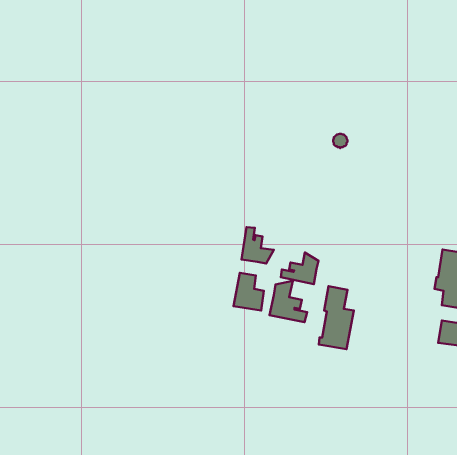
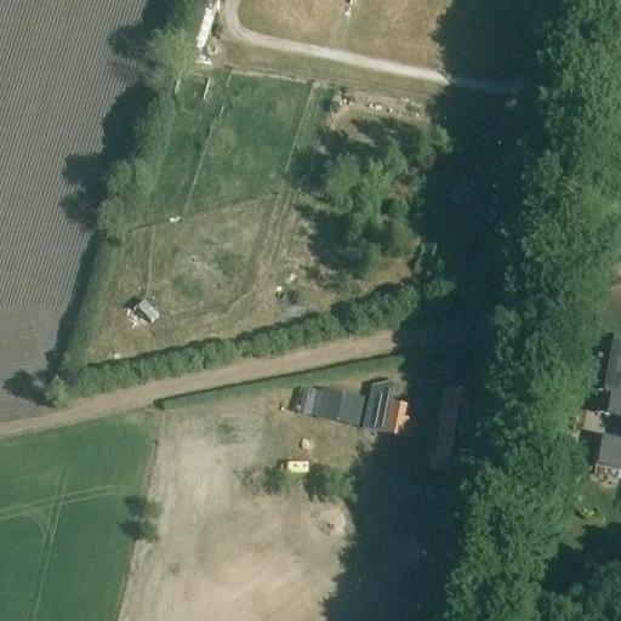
building: [241,227,274,263] -> none
building: [281,253,318,284] -> none

